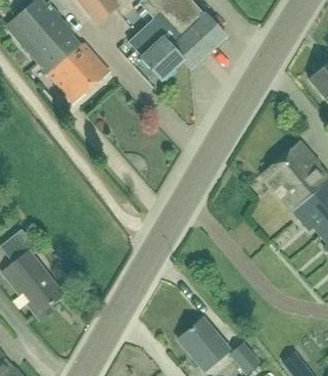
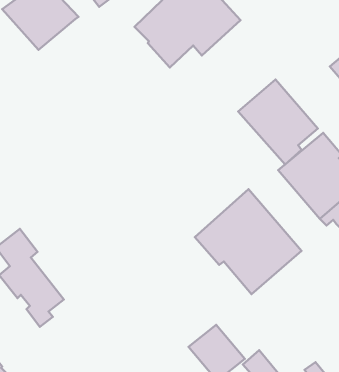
building: [39,35,109,102] -> none
building: none -> [238,80,318,164]
building: none -> [195,189,302,294]

